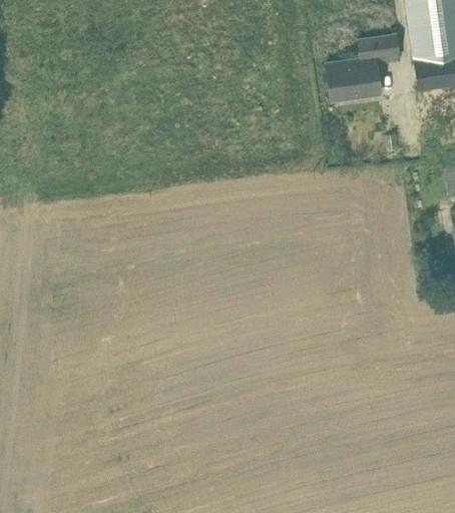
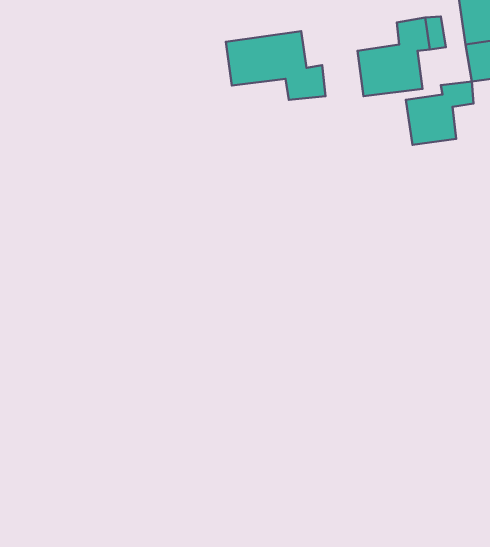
building: none -> [226,31,325,100]
building: none -> [406,81,474,145]

